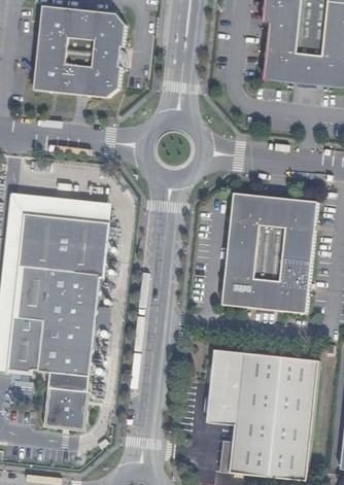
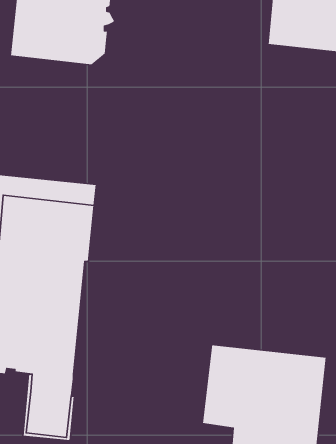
building: [221,194,317,313] -> none

